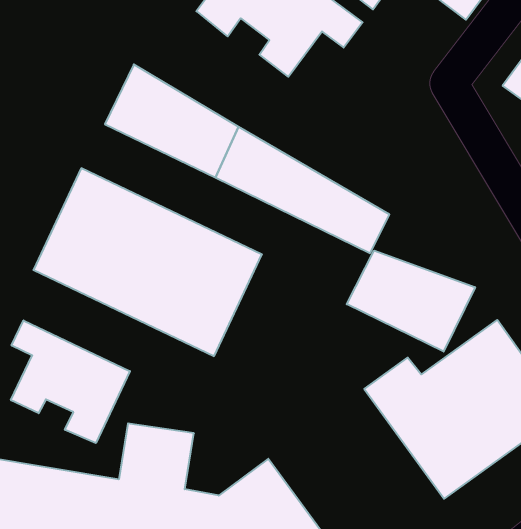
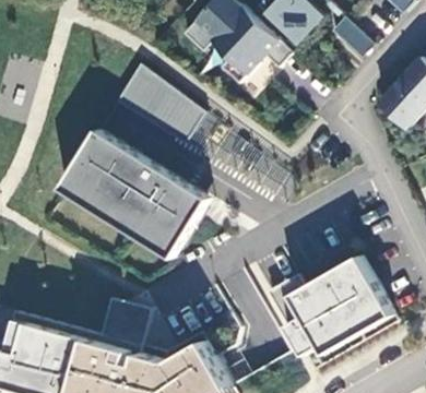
building: [347,251,475,352] -> none
building: [11,320,130,443] -> none

